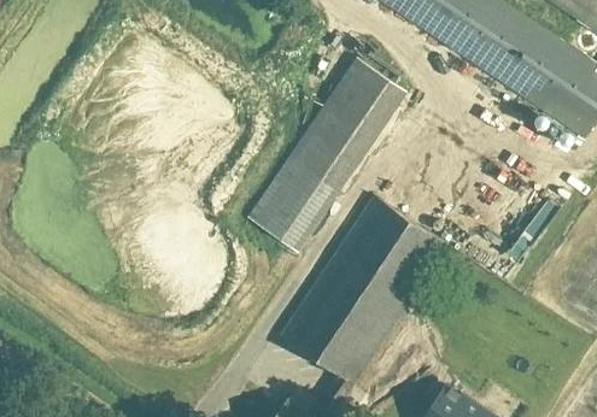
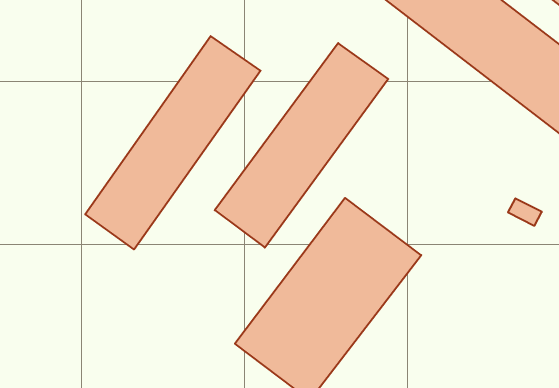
building: none -> [85,36,261,249]

